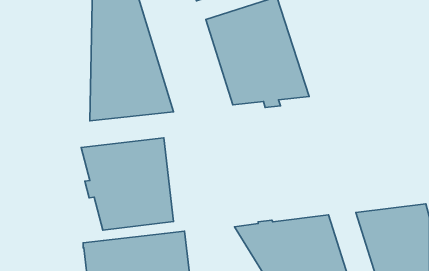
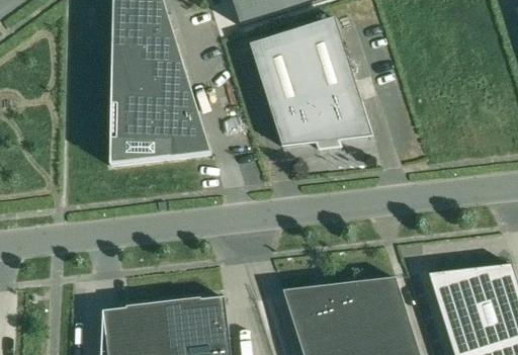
building: [81,138,174,230] -> none

